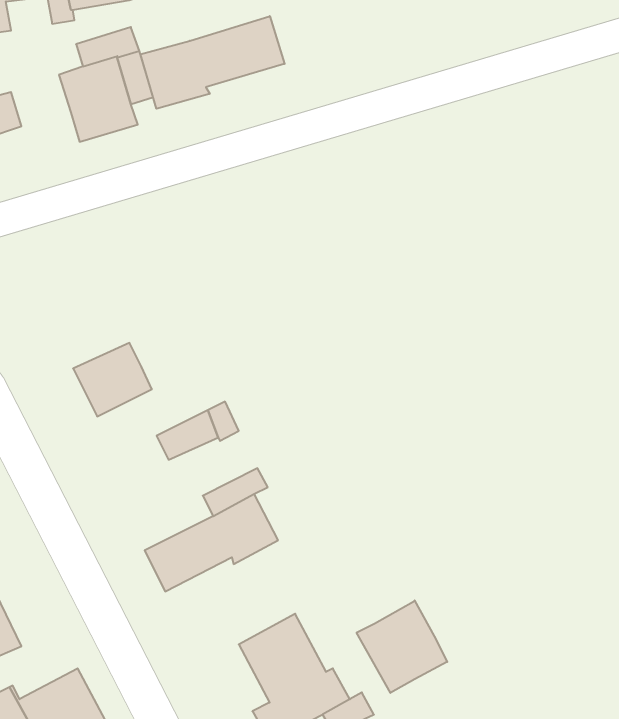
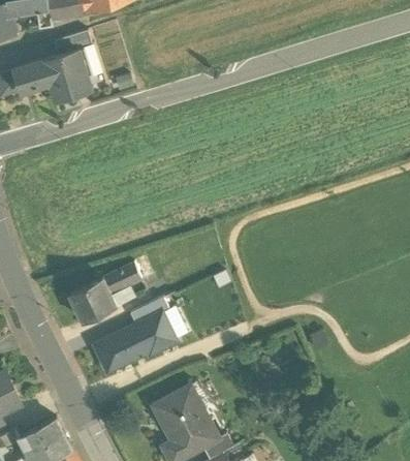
building: [141,16,285,109] -> none
building: none -> [13,60,51,92]
building: [73,343,152,416] -> [68,278,116,322]
building: [357,600,447,693] -> none

